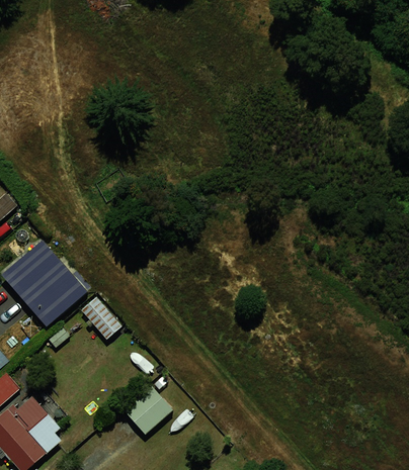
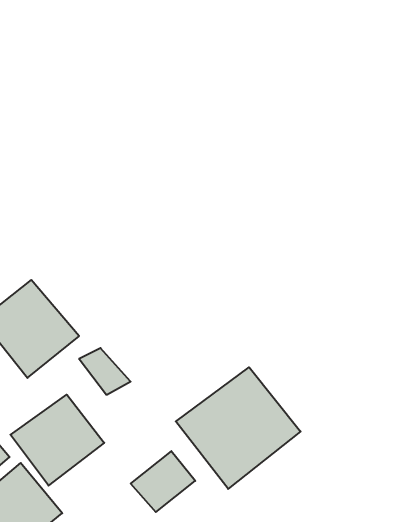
building: none -> [176,367,301,489]
building: none -> [10,395,104,486]

